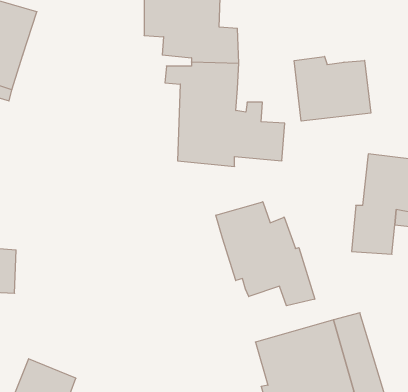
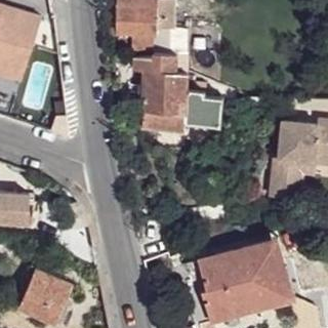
building: [294,56,371,121] -> none
building: [216,202,315,306] -> none

